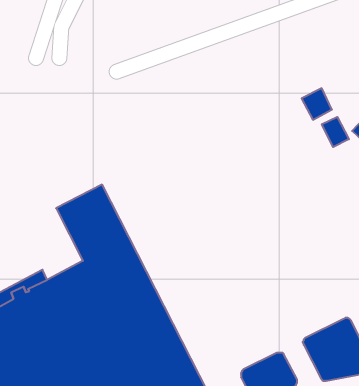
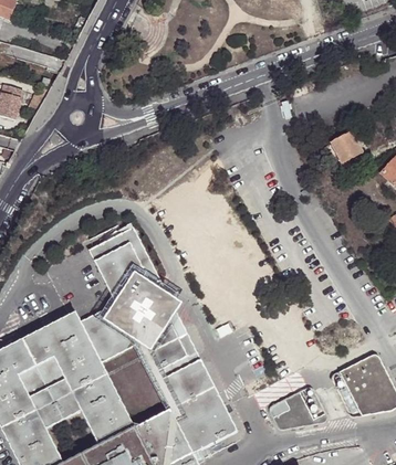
building: [322,117,349,147] -> none

